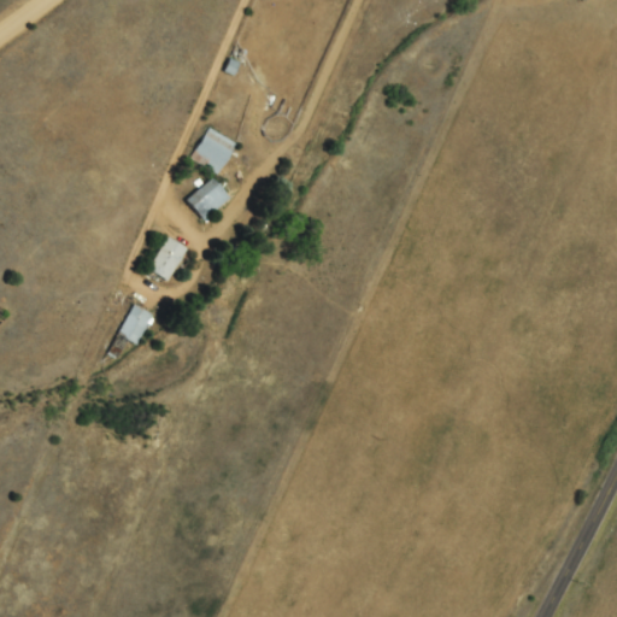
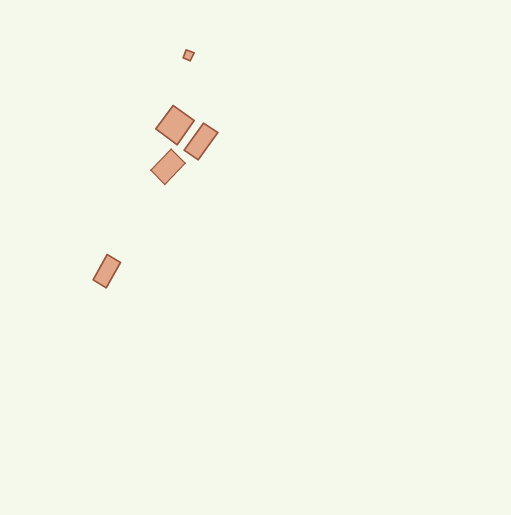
building: none -> [184,123,218,160]
building: [148,234,189,281] -> none

